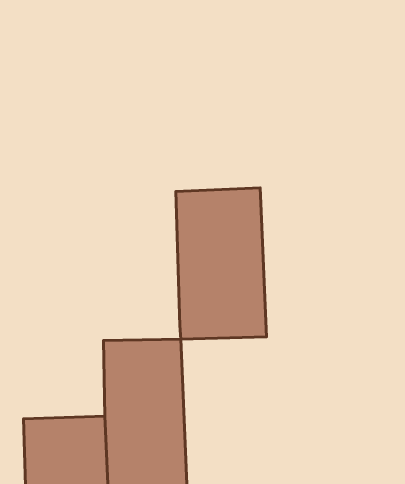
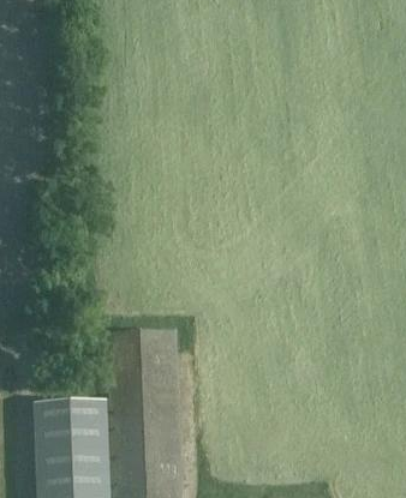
building: [176,188,267,339] -> none

